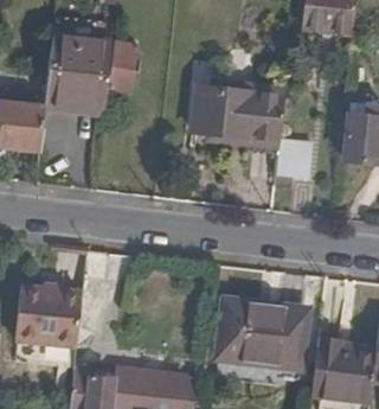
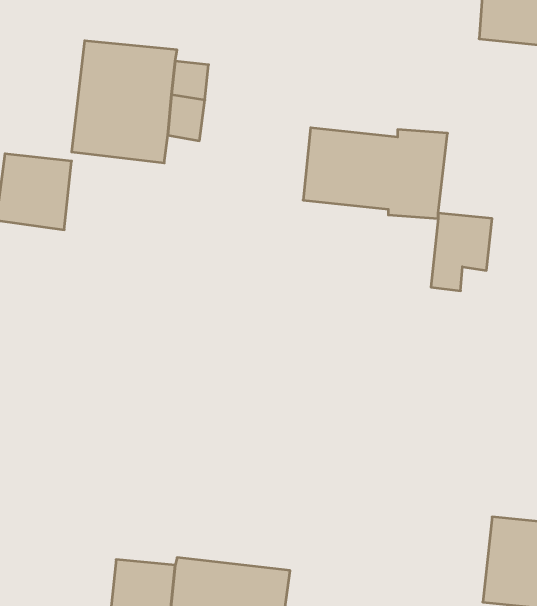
building: [15,286,82,346] -> none
building: [212,294,308,369] -> none

